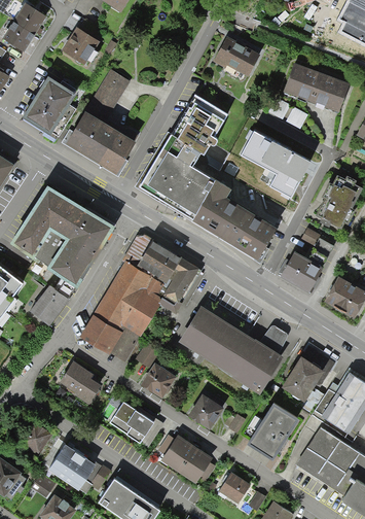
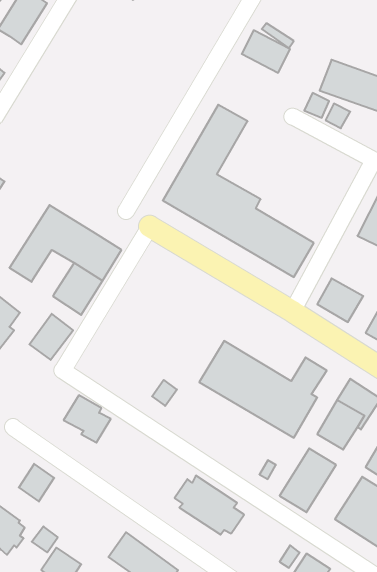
building: [61,30,97,65] -> none
building: [66,69,135,176] -> none
building: [25,76,75,132] -> none
building: [240,127,313,199] -> none
building: [33,231,69,269] -> none
building: [79,235,198,361] -> none
building: [141,364,175,397] -> none
building: [188,394,223,429] -> none
building: [109,399,162,446] -> none
building: [46,438,108,484] -> none
building: [218,468,249,497] -> none

